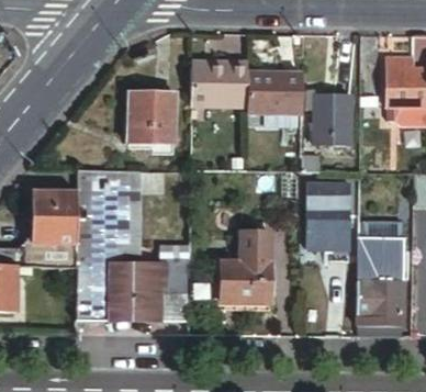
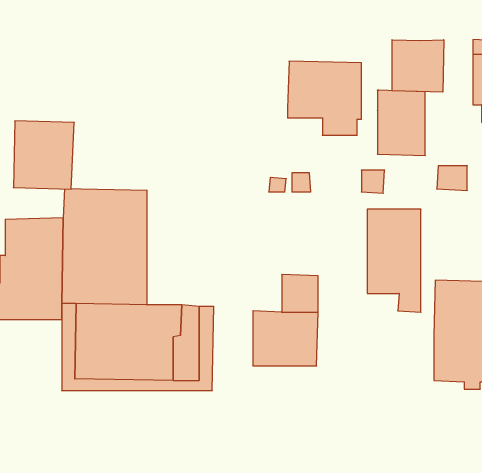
building: none -> [392,40,444,92]
building: [192,61,247,107] -> none
building: [128,90,175,142] -> [13,121,74,189]

